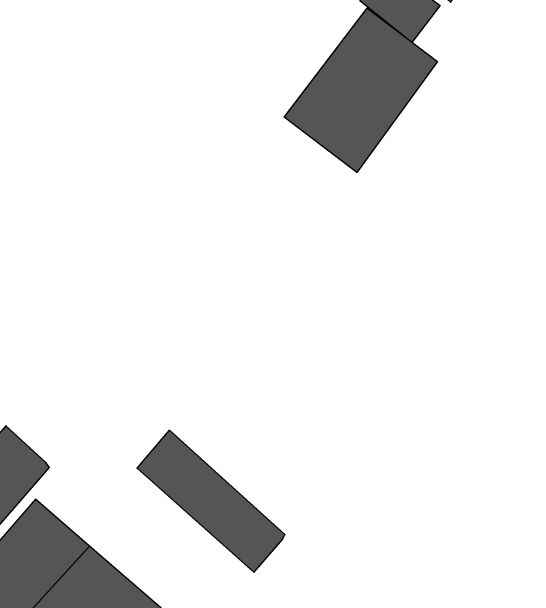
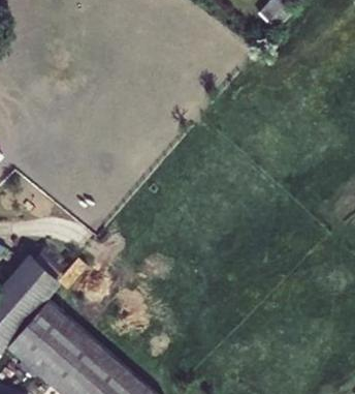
building: [284,8,437,172] -> none
building: [137,430,285,572] -> none

